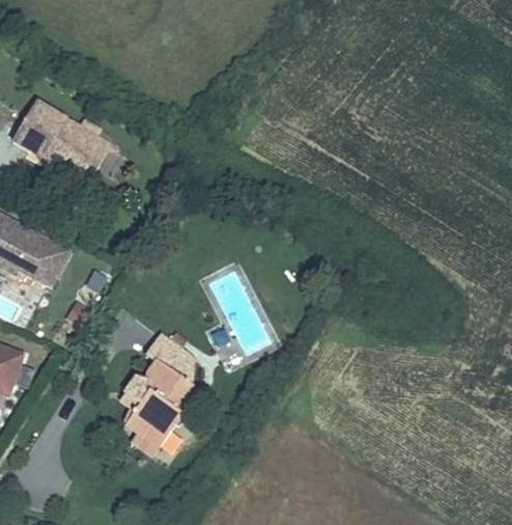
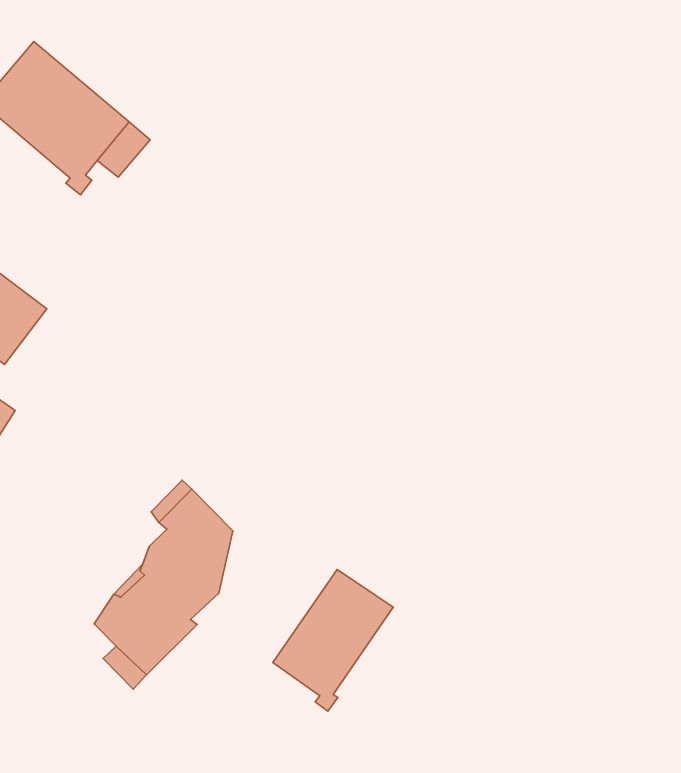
building: none -> [273,569,393,711]

